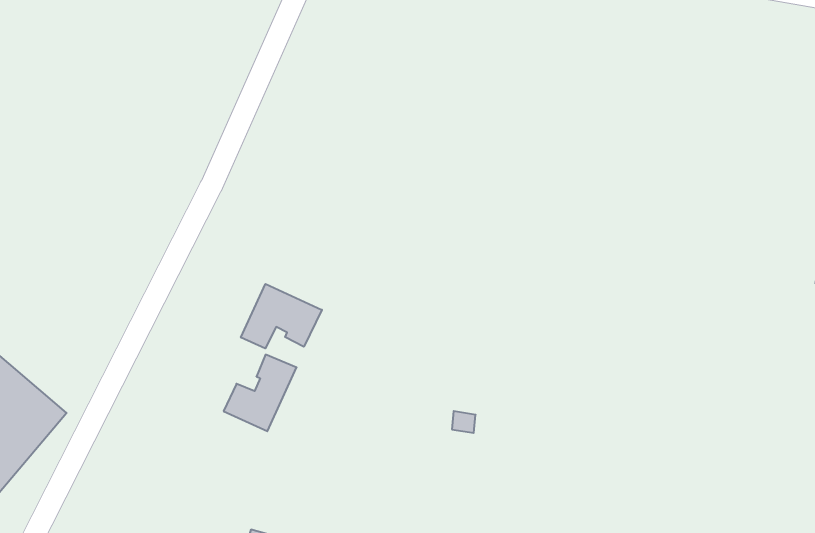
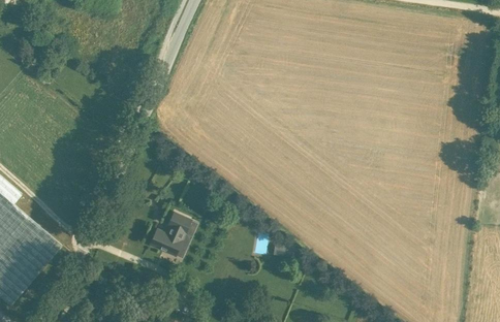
building: [241,284,322,348] -> none

